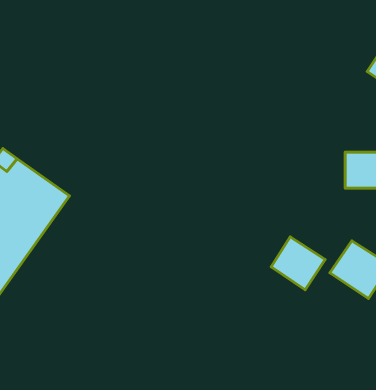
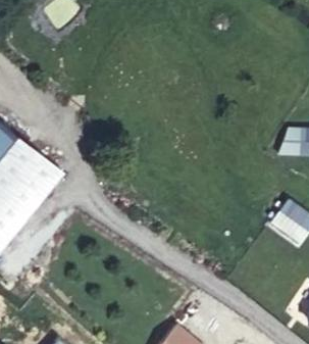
building: [271,237,325,290] -> none

